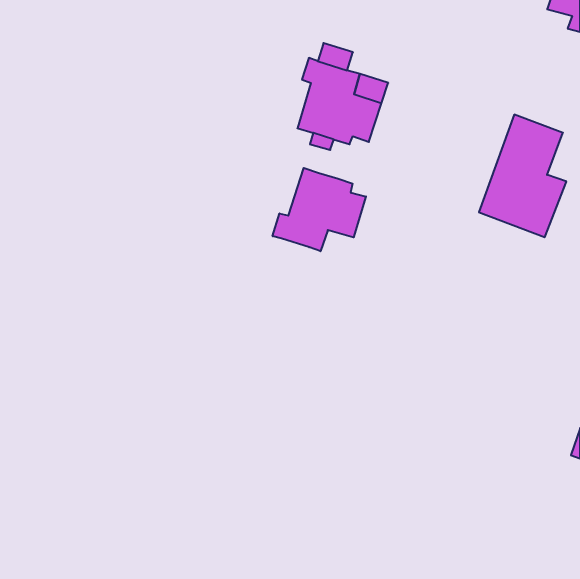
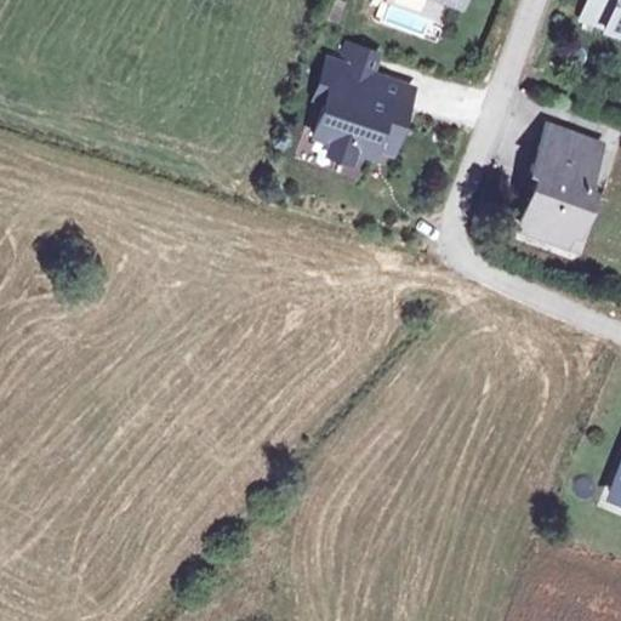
building: [273,168,366,251] -> none

